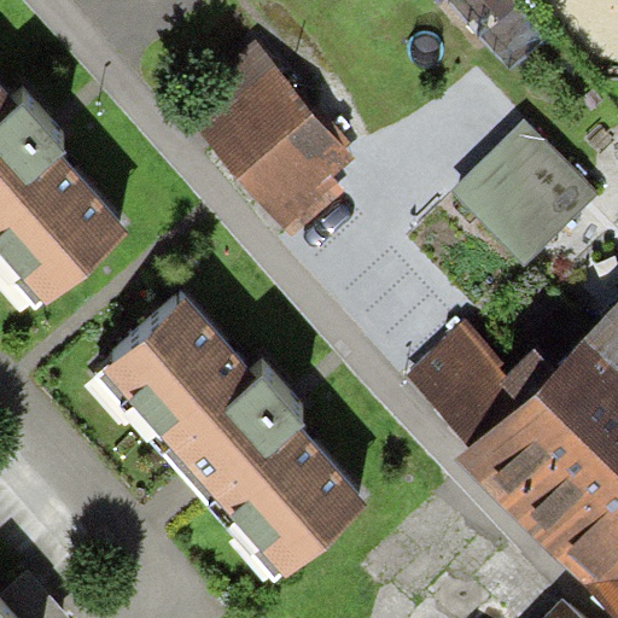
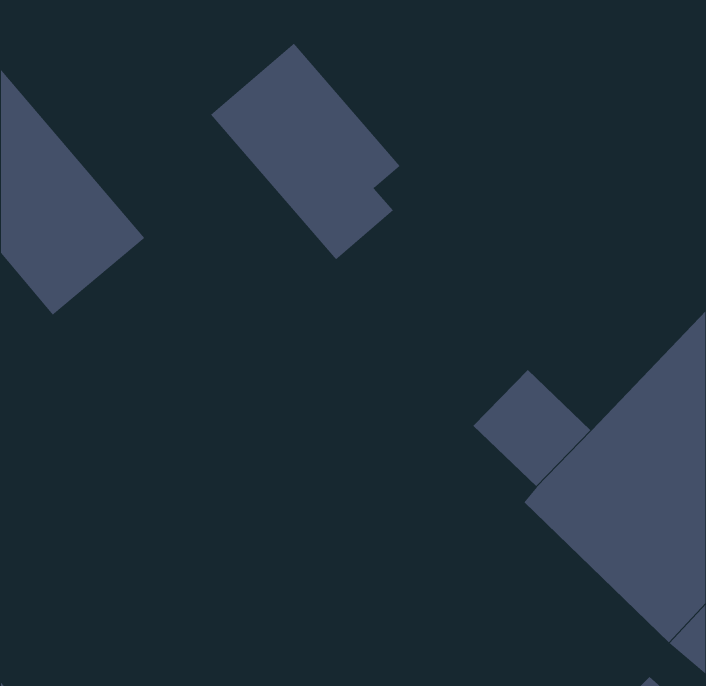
building: [451,127,596,272] -> none
building: [104,295,362,567] -> none

